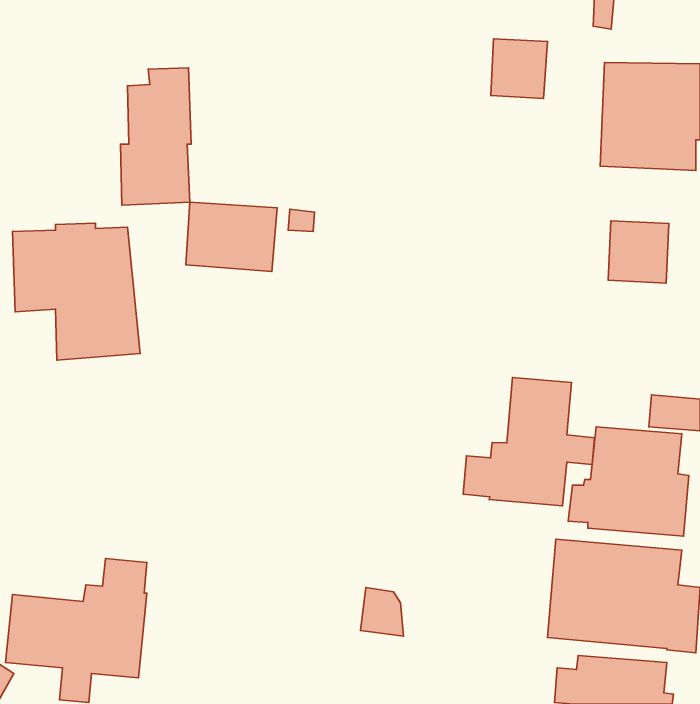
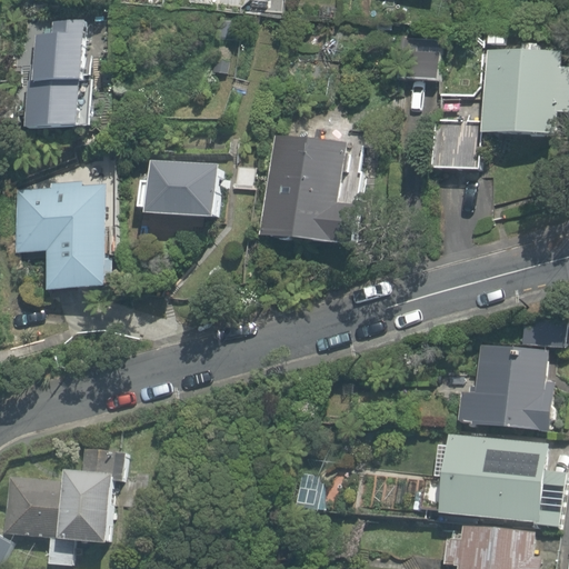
building: [121,68,191,205] -> [27,19,83,129]
building: none -> [260,133,361,246]
building: [608,221,669,283] -> [431,118,480,168]
building: [463,378,594,506] -> none

